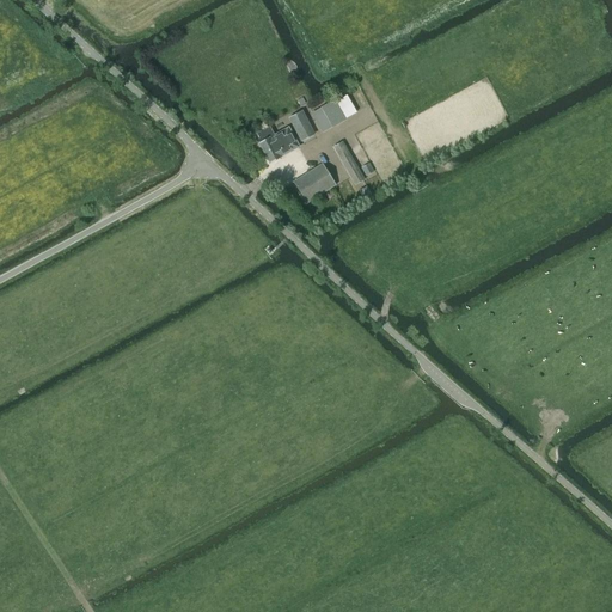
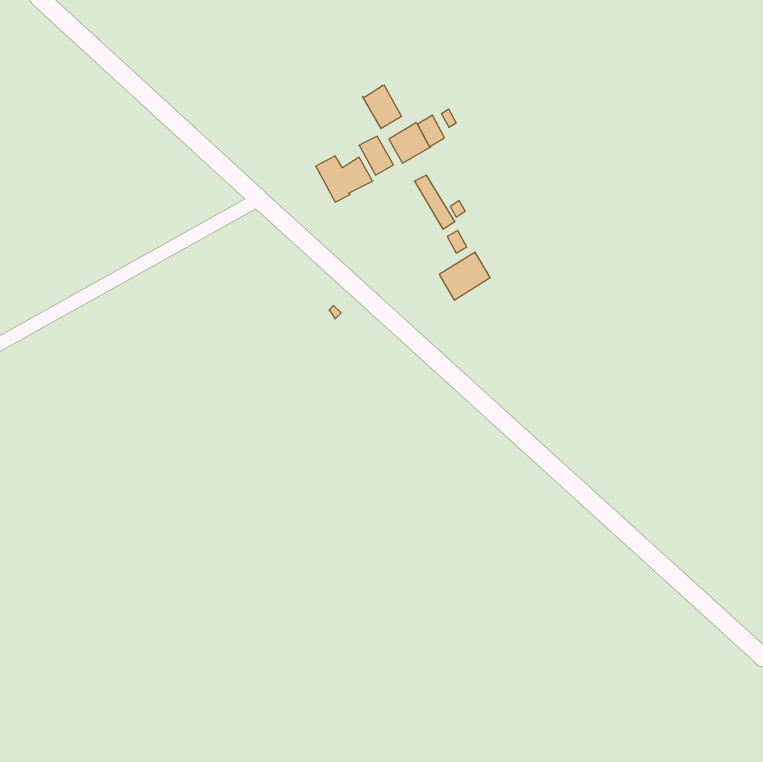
building: none -> [363,85,401,129]
building: [293,163,333,201] -> [439,252,490,300]

